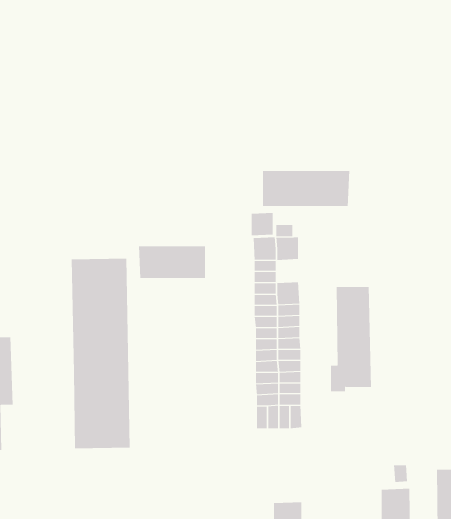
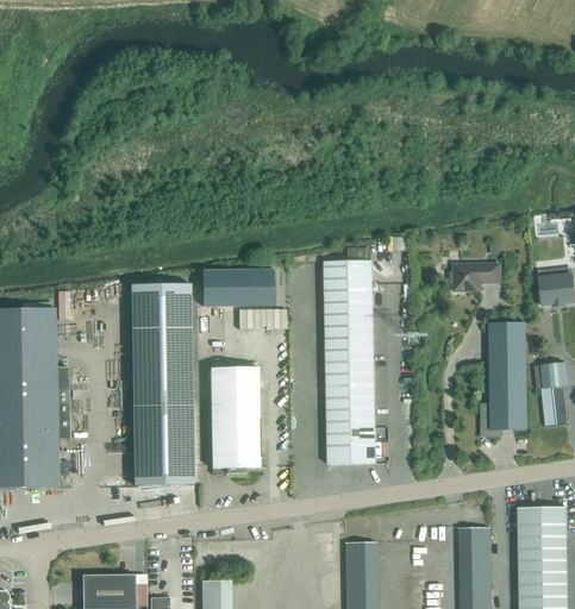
building: [263,170,350,207] -> none
building: [251,212,273,236] -> [349,284,373,309]
building: none -> [450,263,500,291]
building: [330,286,372,392] -> [483,322,527,434]
building: none -> [211,366,260,473]

